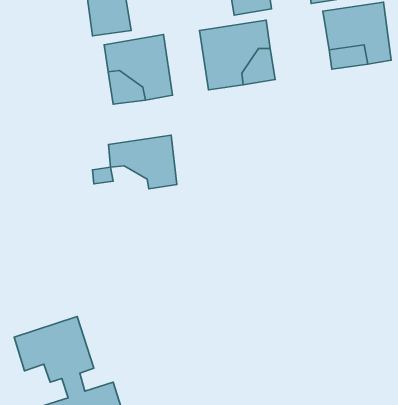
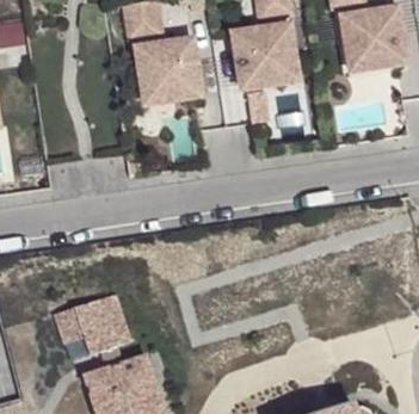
building: [108,135,177,189] -> none

